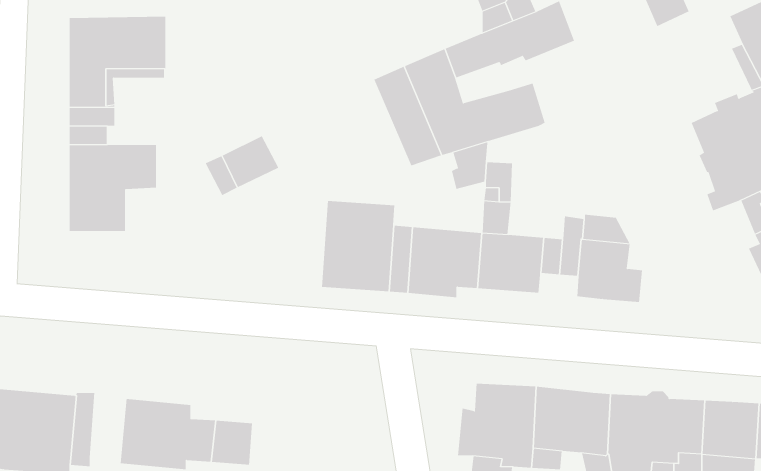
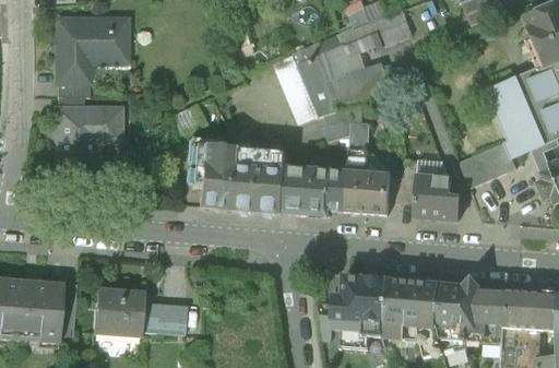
building: none -> [330,50,367,79]
building: none -> [461,141,516,187]
building: none -> [191,144,239,209]

